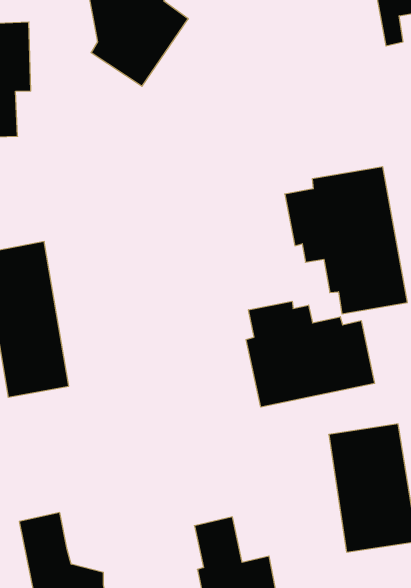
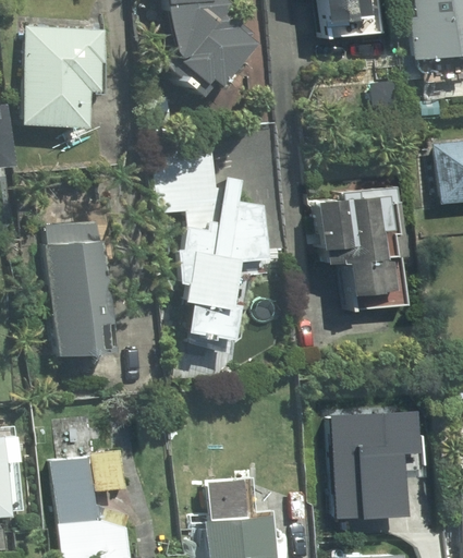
building: none -> [165,145,264,340]
building: [246,301,375,407] -> none

